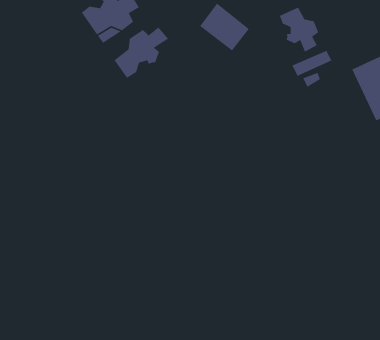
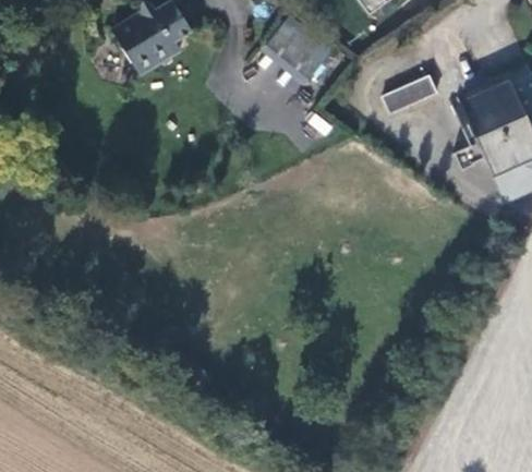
building: [279,7,319,53] -> none
building: [114,27,169,79] -> none

